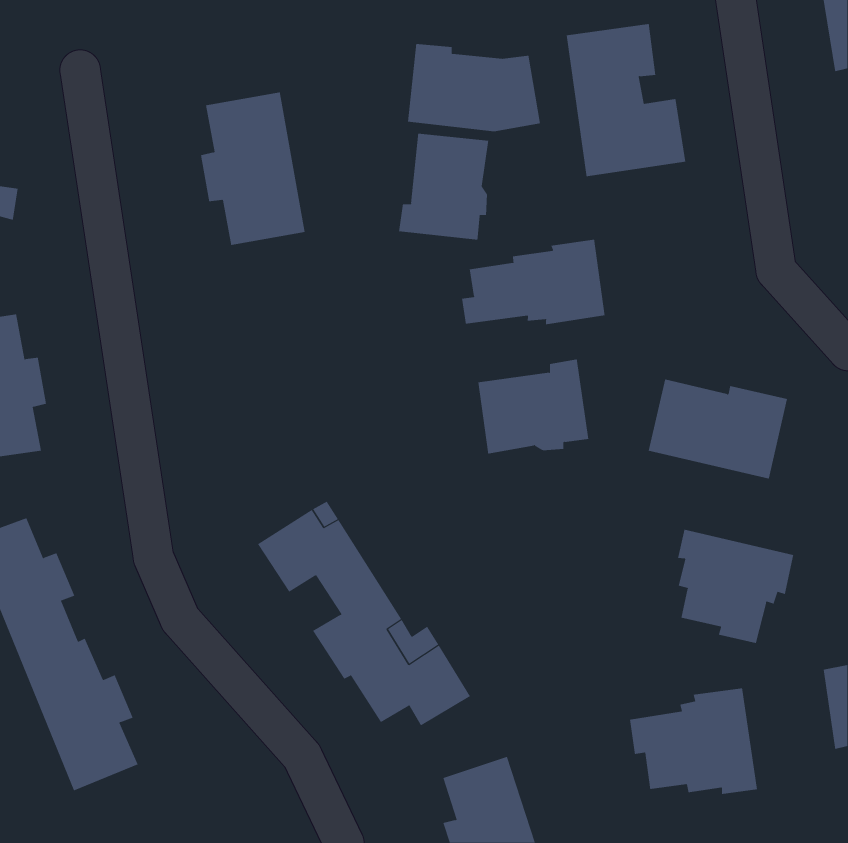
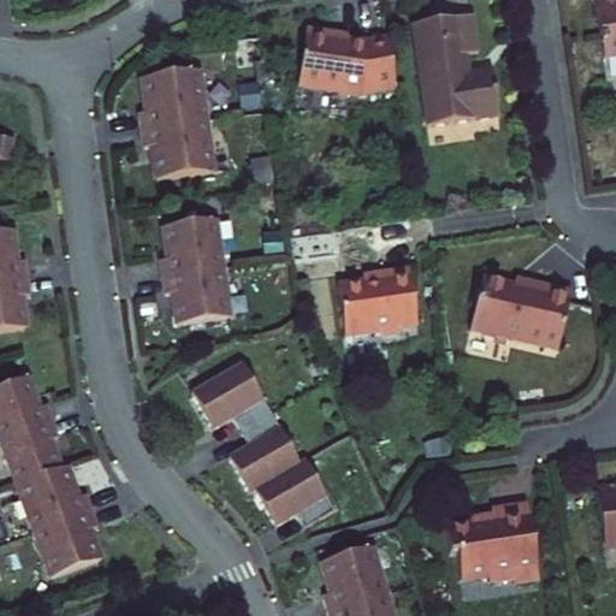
building: [398,133,489,241] -> none
building: [462,239,605,325] -> none
building: none -> [171,217,242,322]
building: [677,529,794,644] -> none

